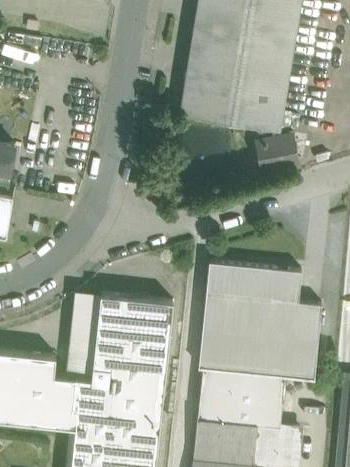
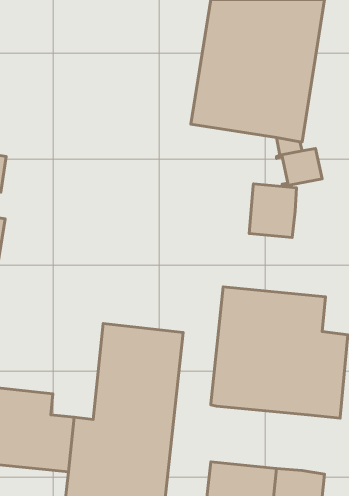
building: none -> [249,184,296,238]
building: [66,293,101,382] -> none
building: [198,370,285,428] -> none

